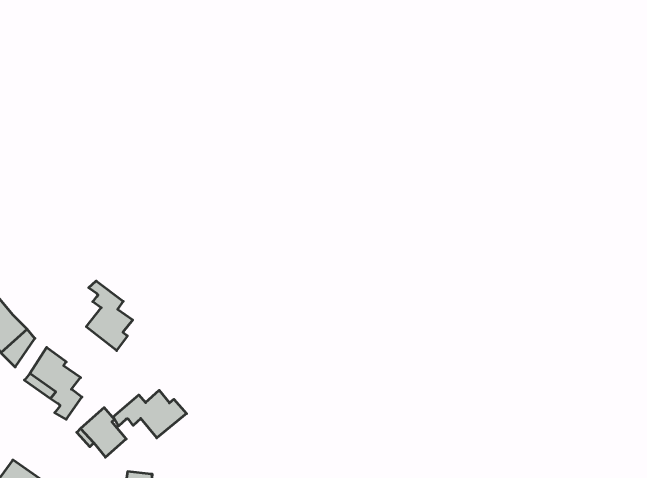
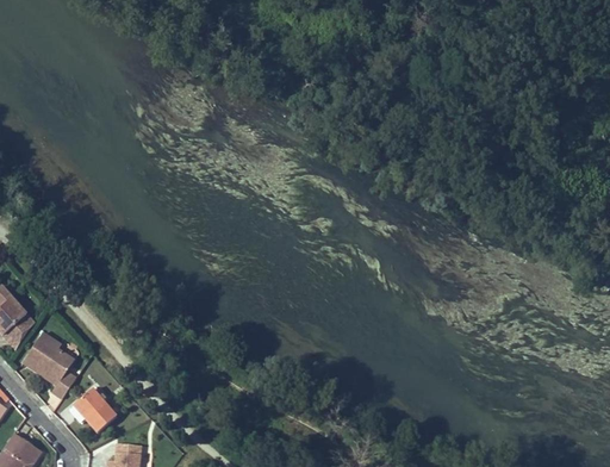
building: [86,281,133,351] -> none
building: [113,390,187,438] -> none

